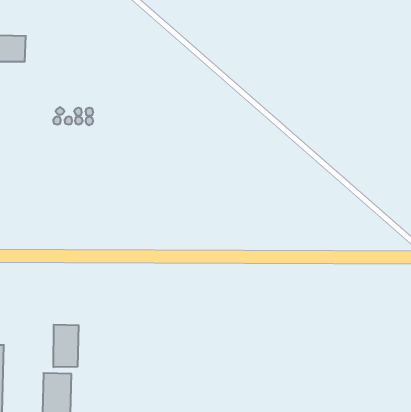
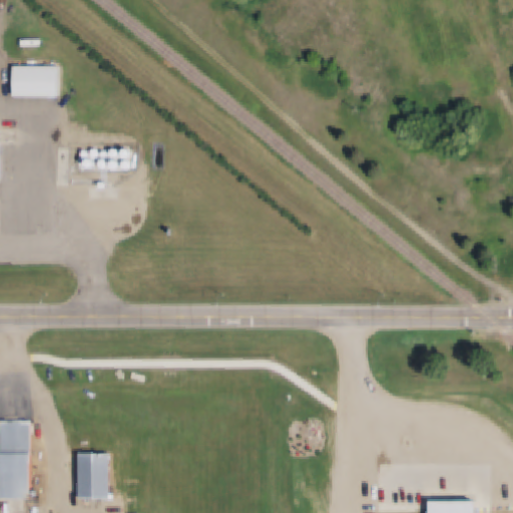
building: [54,325,78,367] -> none

